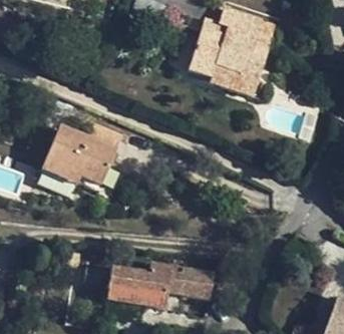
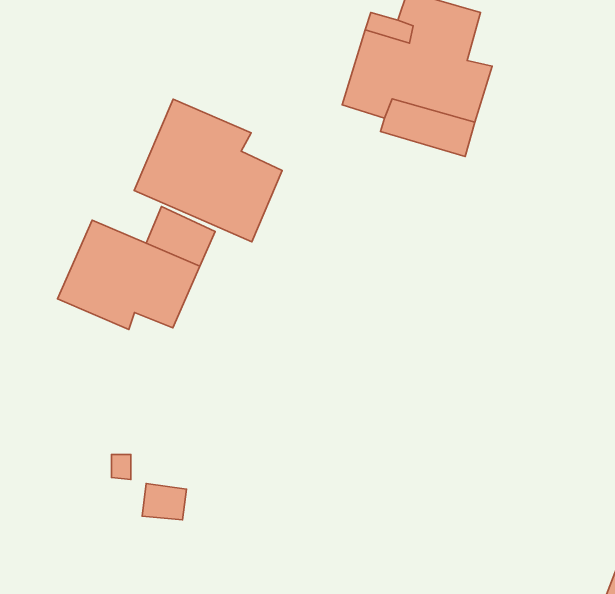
building: none -> [134,99,282,242]
building: [107,260,214,308] -> none

